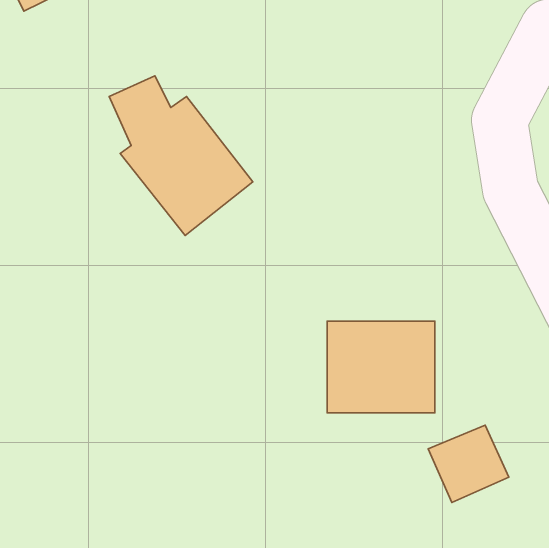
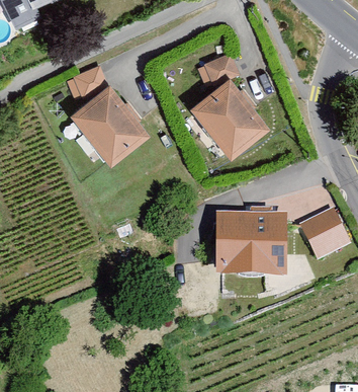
building: none -> [185,47,266,156]
building: [428,425,509,503] -> [298,211,350,260]

